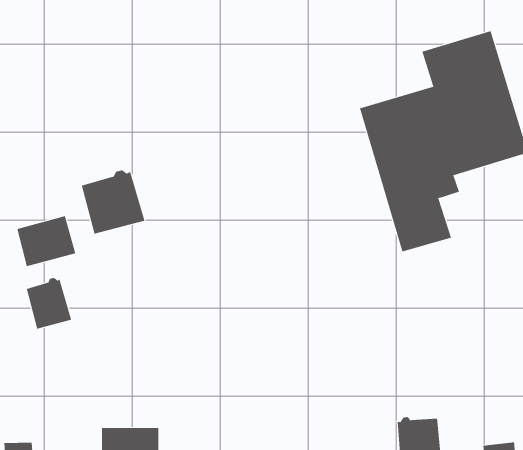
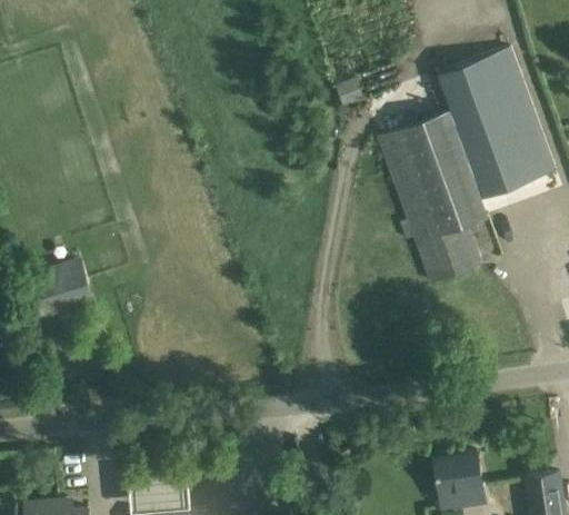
building: [81,170,145,235] -> none
building: [26,277,72,329] -> none

